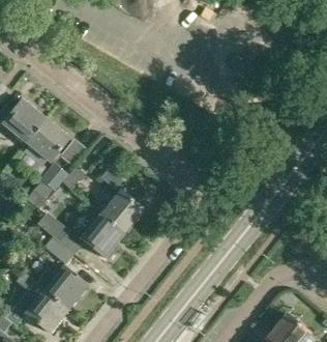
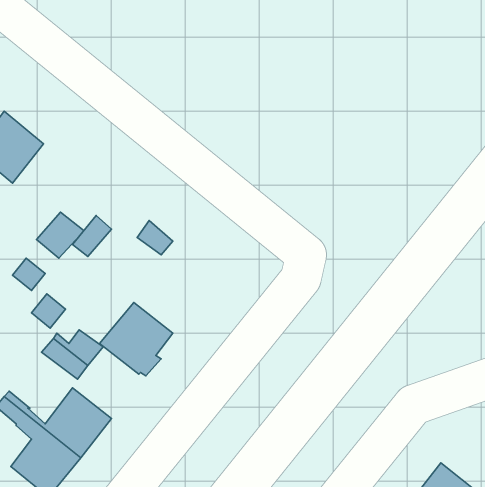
building: [26,119,68,162] -> none
building: [99,190,143,234] -> none

